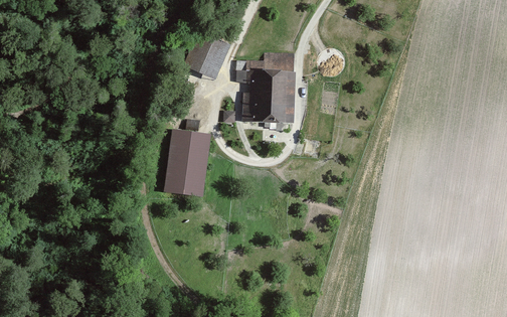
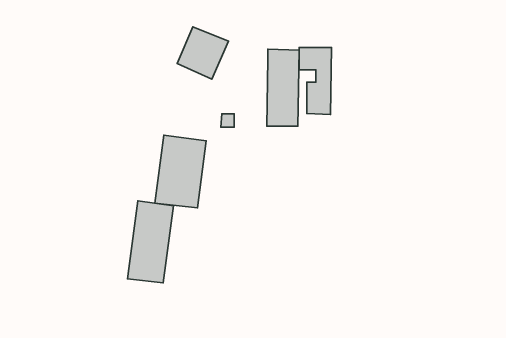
building: [236,61,266,122] -> [299,48,332,115]
building: none -> [127,201,173,283]

